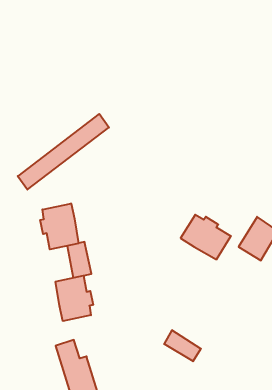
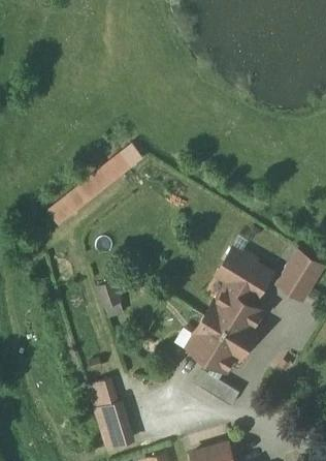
building: [40,203,79,249] -> none
building: none -> [194,283,264,370]
building: [56,276,93,321] -> none

